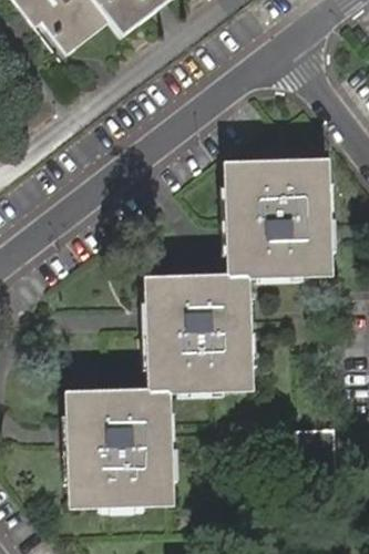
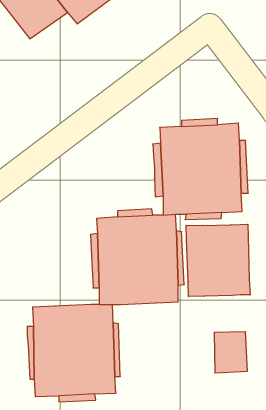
building: none -> [186,224,250,297]

